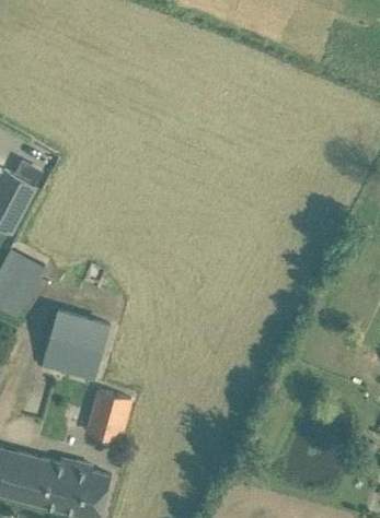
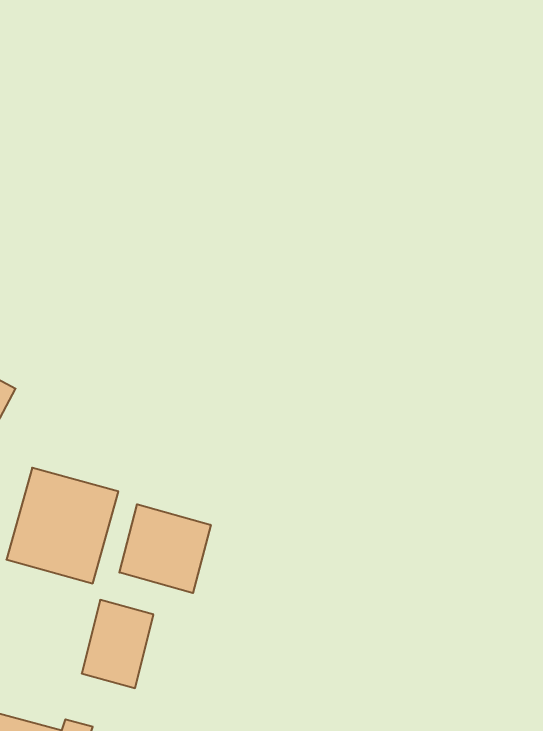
building: none -> [119,504,211,593]

